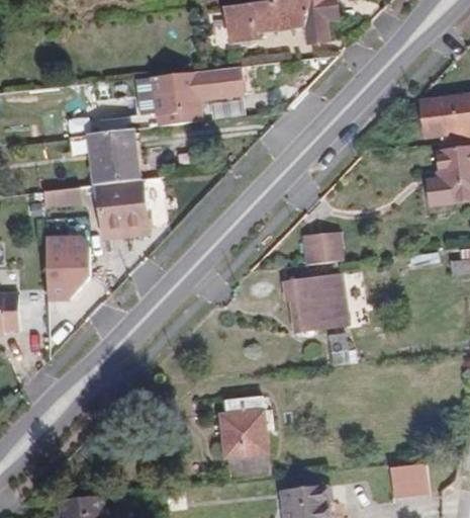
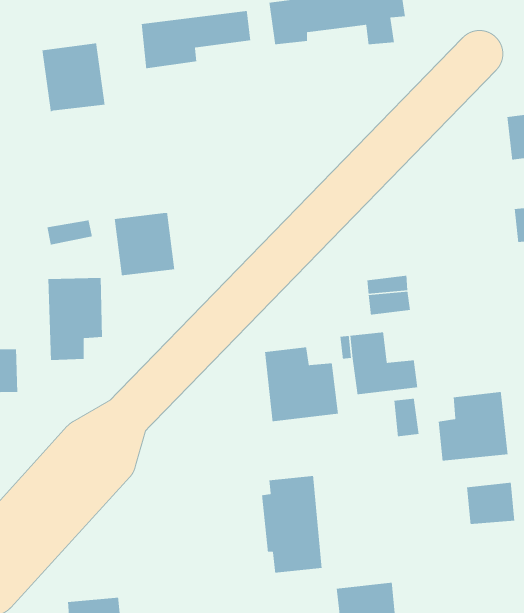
building: [153,66,244,114] -> [141,10,251,69]
building: [87,128,139,186] -> [42,42,105,112]
building: none -> [264,347,339,422]
building: none -> [438,391,509,462]
building: [388,462,429,498] -> [466,482,515,525]

